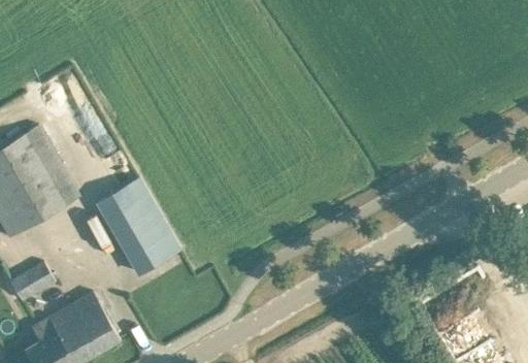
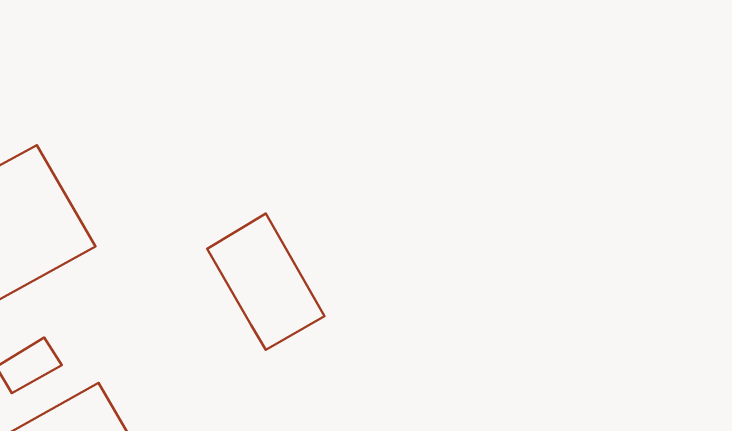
building: [97,179,179,275] -> [207,214,325,350]

